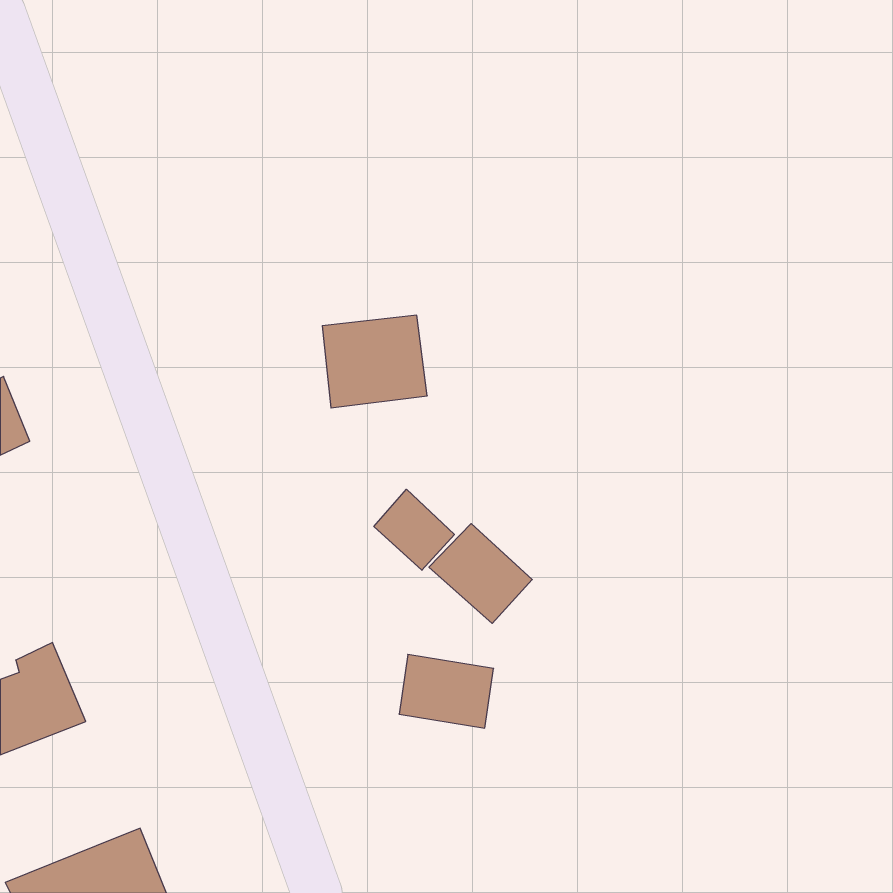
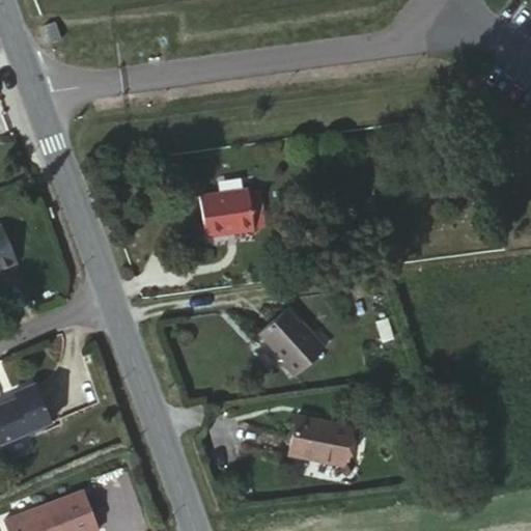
building: [374,489,454,570] -> none
building: [399,654,494,728] -> [294,420,350,464]

